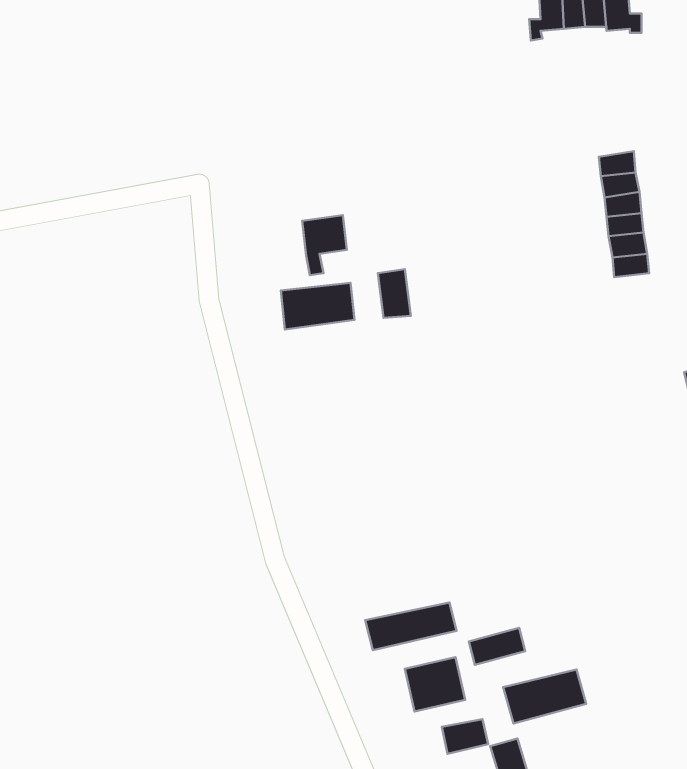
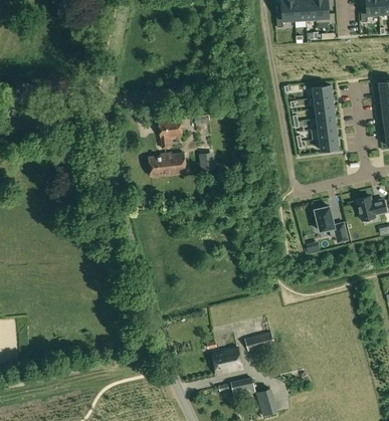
building: none -> [315,206,348,242]
building: [365,602,457,650] -> none
building: [503,669,586,724] -> none

